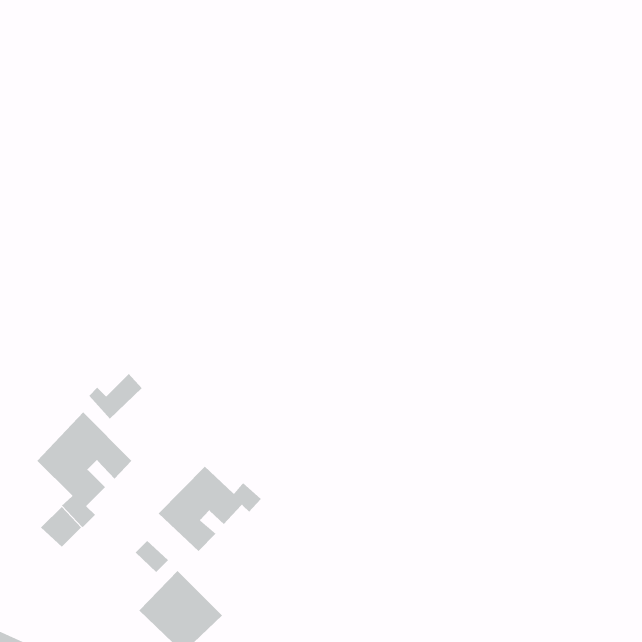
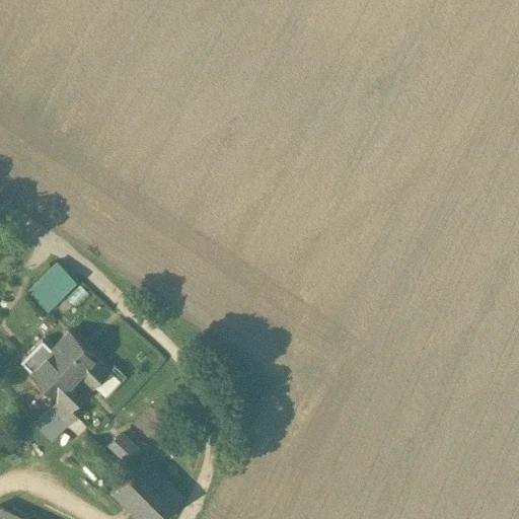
building: [88,373,143,420] -> [29,272,73,309]
building: [158,466,261,552] -> none

